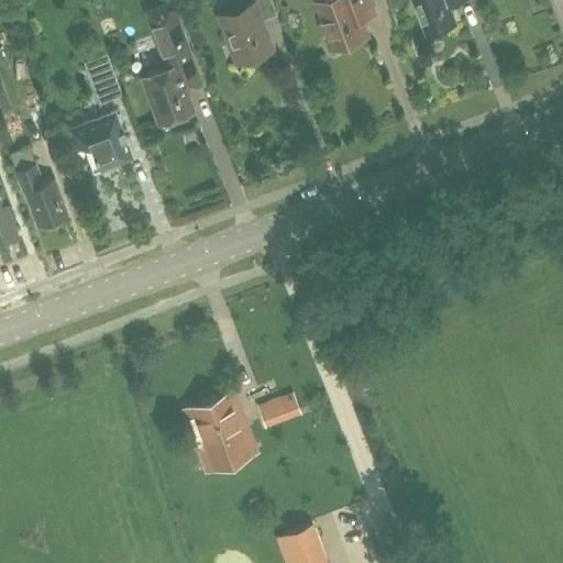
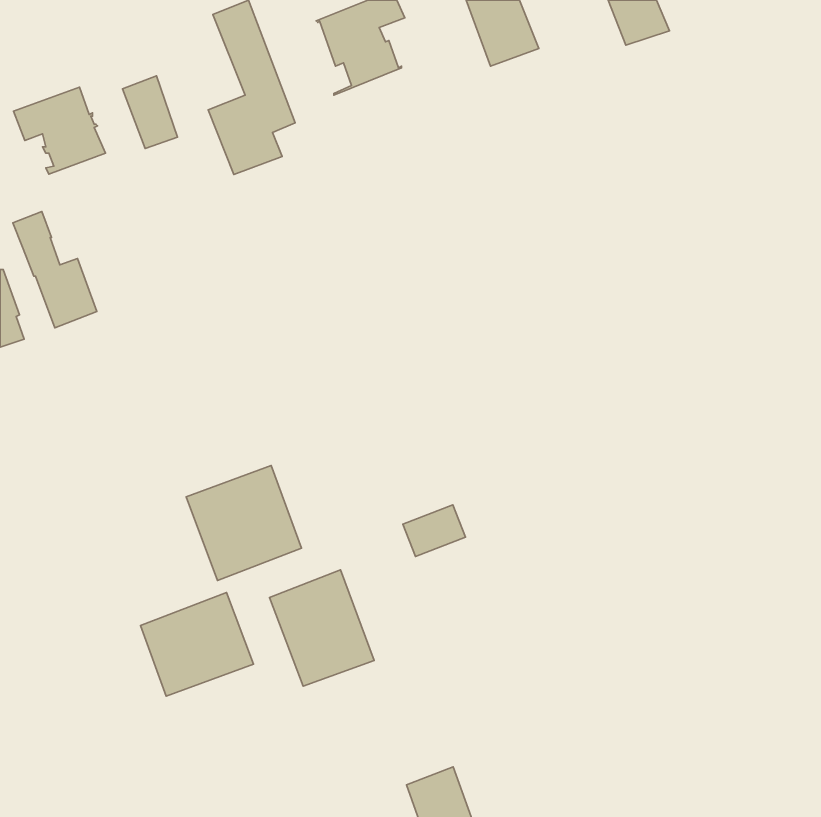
building: [71,115,134,175] -> [13,87,105,174]
building: none -> [186,466,301,580]
building: [258,396,301,431] -> [403,505,466,556]
building: none -> [141,592,253,696]

